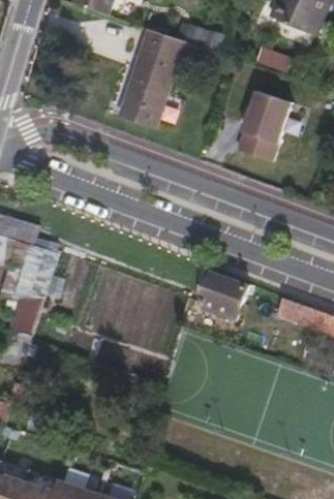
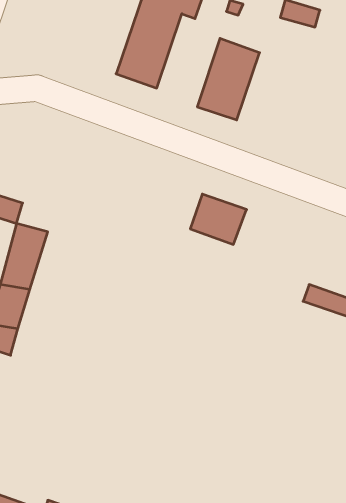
building: [233,85,286,155] -> [197,38,260,120]
building: [201,270,249,313] -> [190,194,247,244]

